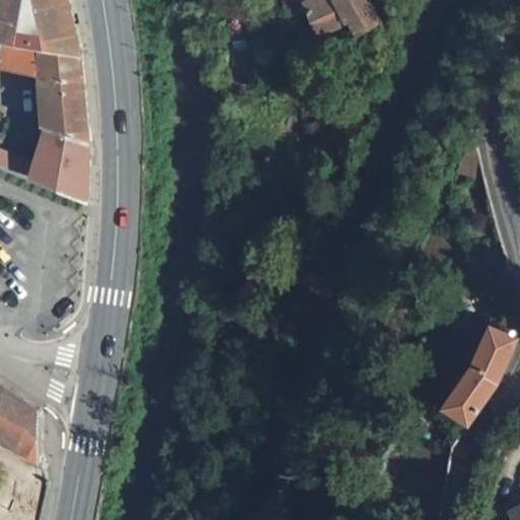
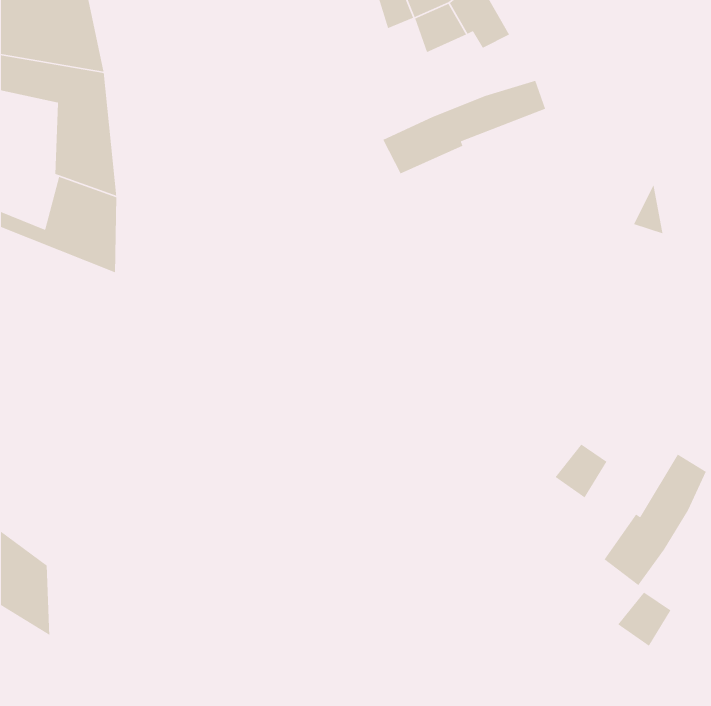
building: none -> [382,80,546,175]
building: none -> [554,444,608,498]
building: none -> [617,591,672,647]

